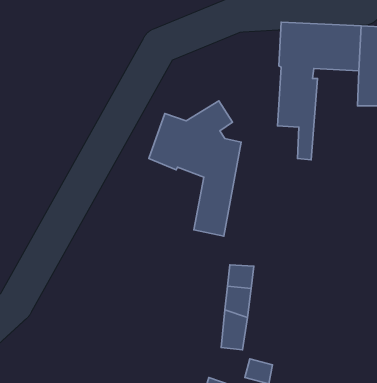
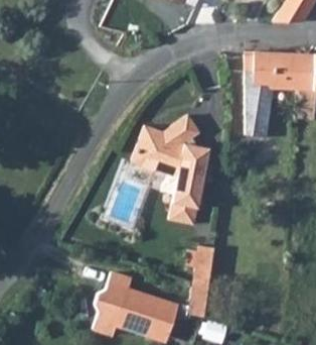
building: none -> [93,271,177,336]

